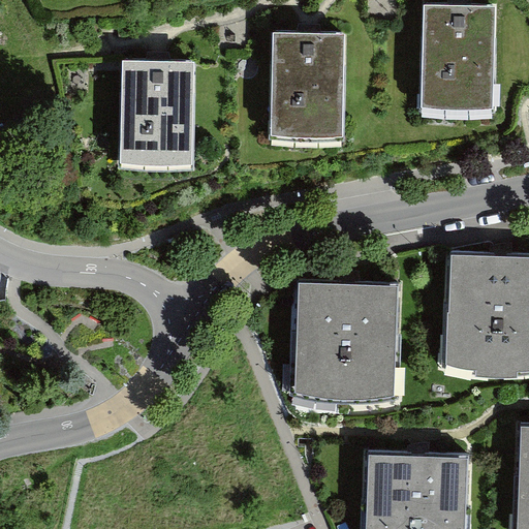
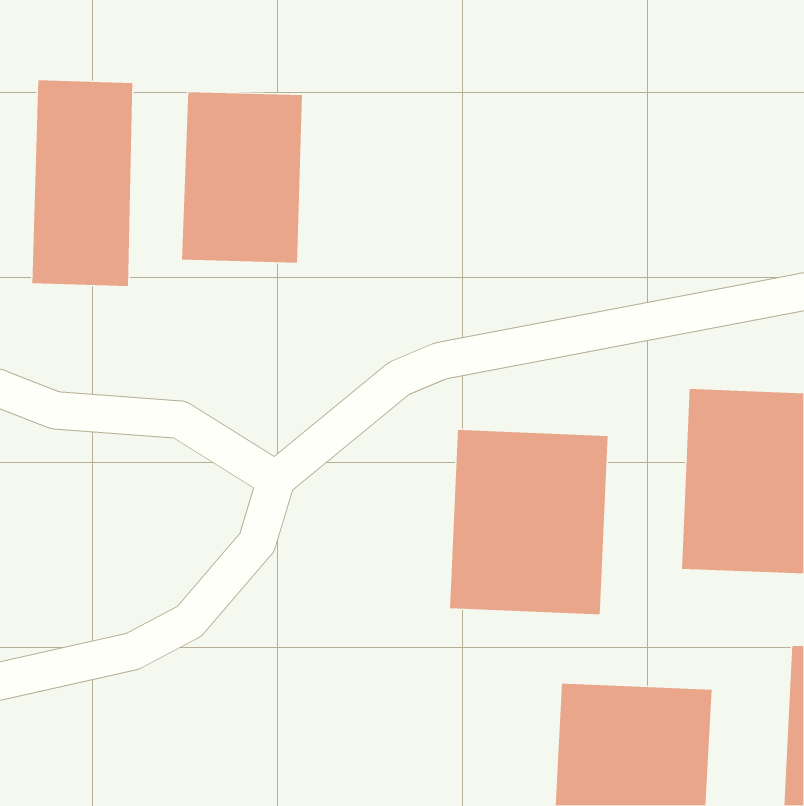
building: [422,5,496,116] -> none
building: [271,33,344,142] -> none
building: none -> [32,80,133,287]

